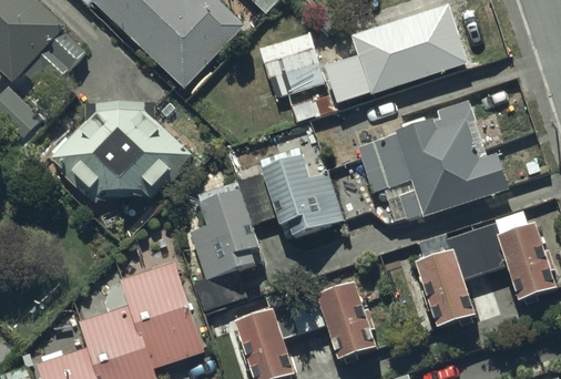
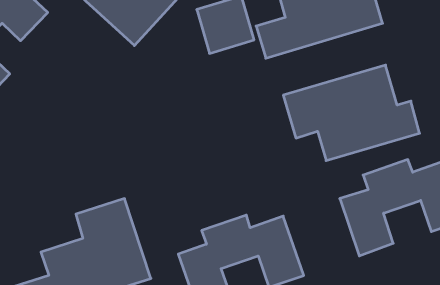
building: [51,93,192,192] -> none
building: [187,155,340,311] -> none

